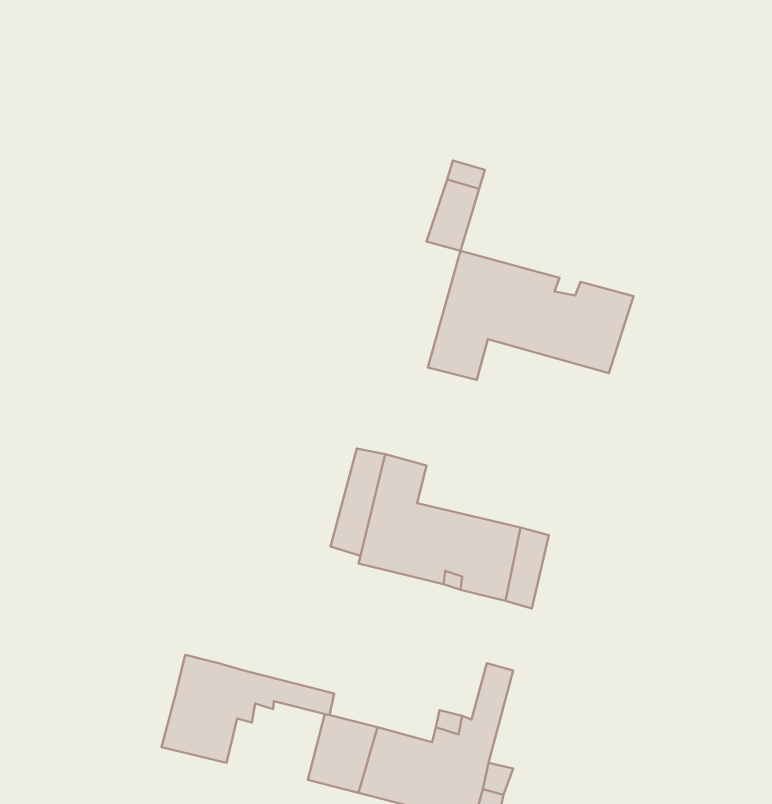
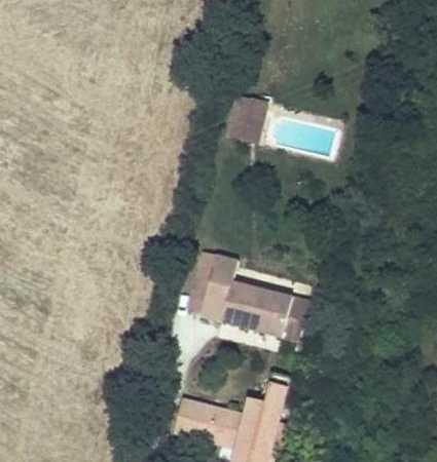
building: [428,251,633,380] -> none
building: [161,655,334,763] -> none

